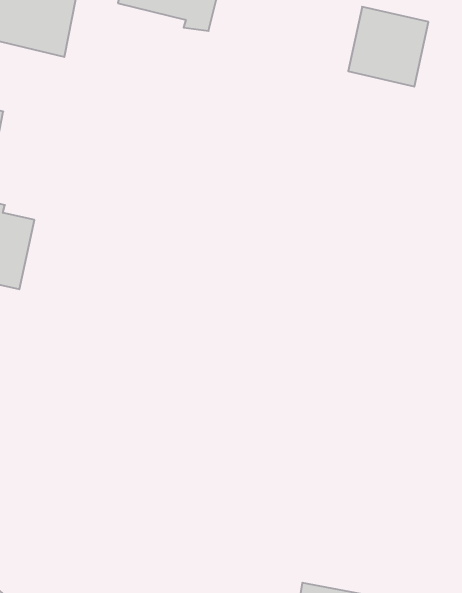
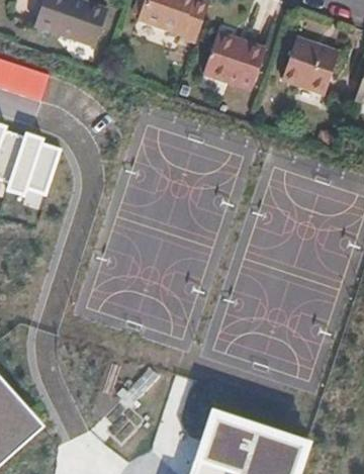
building: none -> [201,29,264,88]

